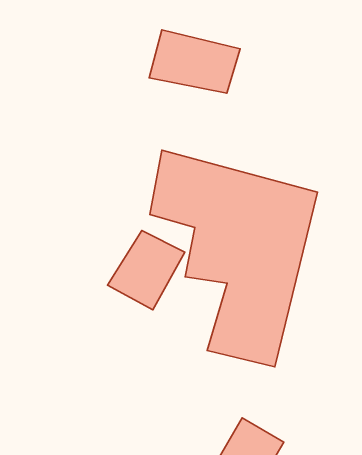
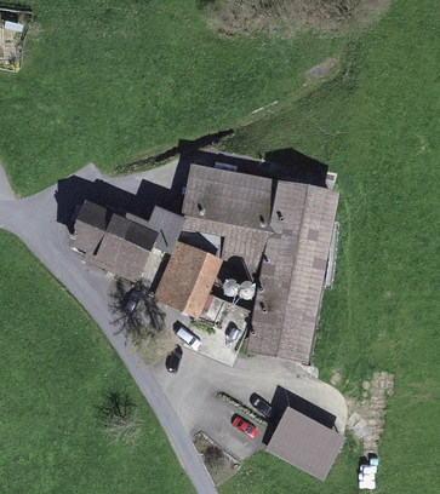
building: [149,30,240,93] -> none
building: none -> [62,205,156,281]

